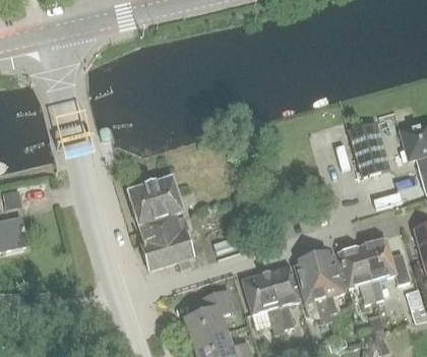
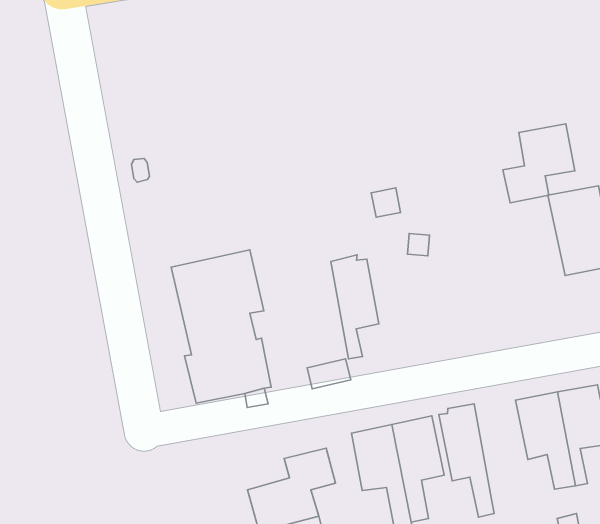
building: none -> [503,124,575,203]
building: [313,250,345,312] -> [331,255,379,359]

